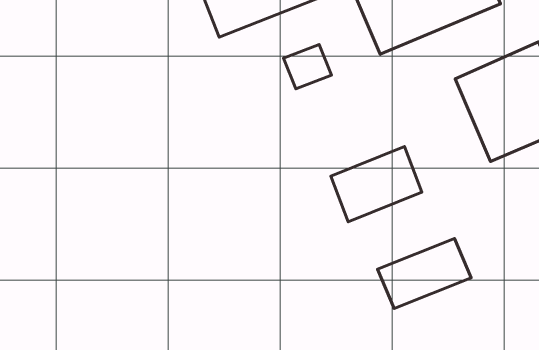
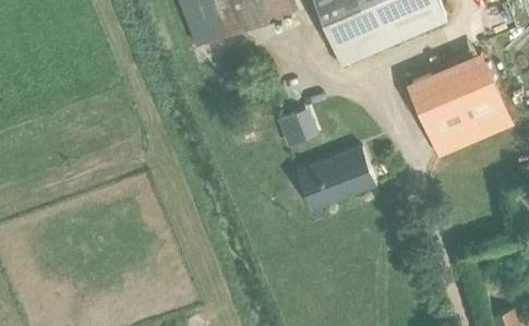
building: [283,45,331,89] -> [276,108,318,147]
building: [378,239,471,309] -> none

